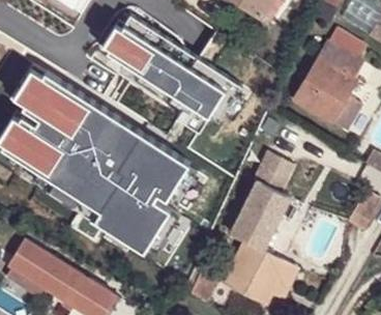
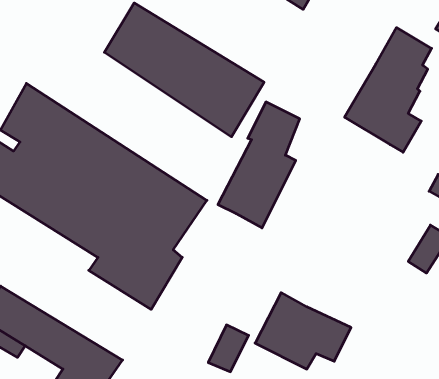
building: [231,153,296,254] -> [218,102,300,228]

